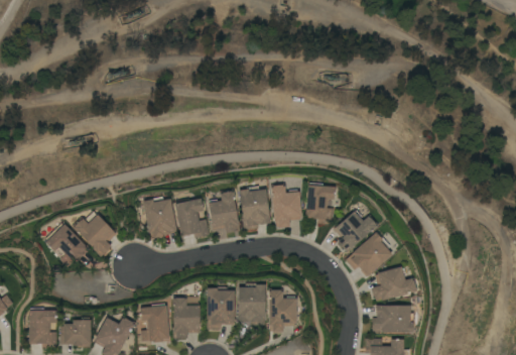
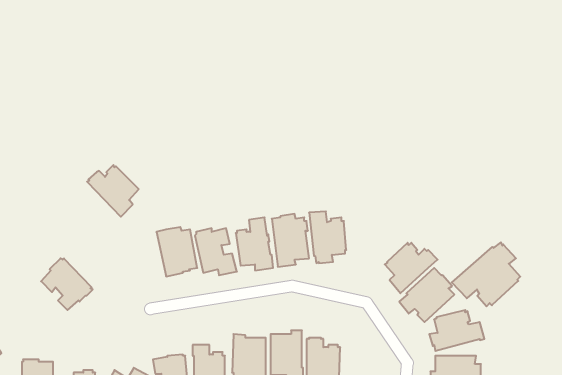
building: [305,183,335,226] -> none
building: none -> [452,242,520,306]
building: [73,214,116,257] -> [87,165,139,217]

